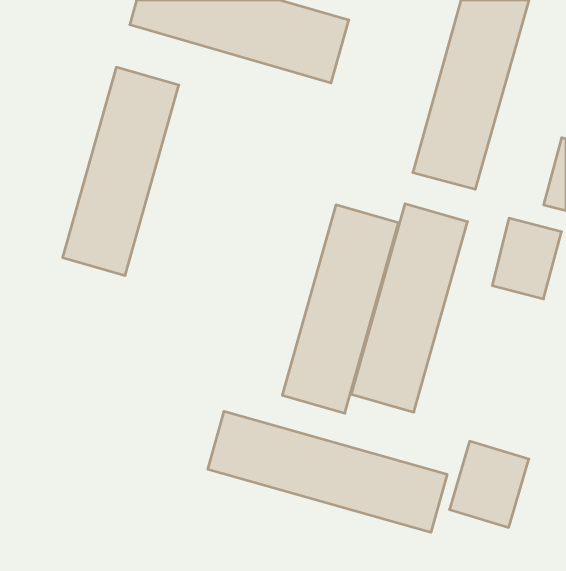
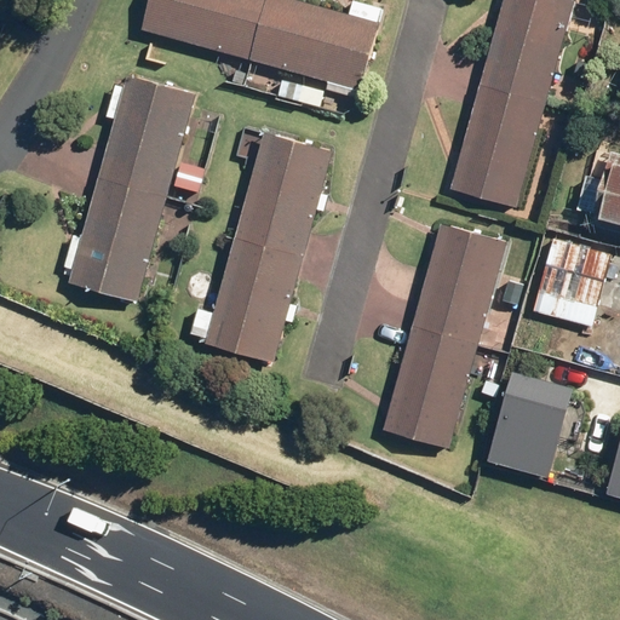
building: [282,205,399,413] -> [205,136,331,361]
building: [208,411,447,532] -> none
building: [449,441,529,527] -> [492,381,578,475]

